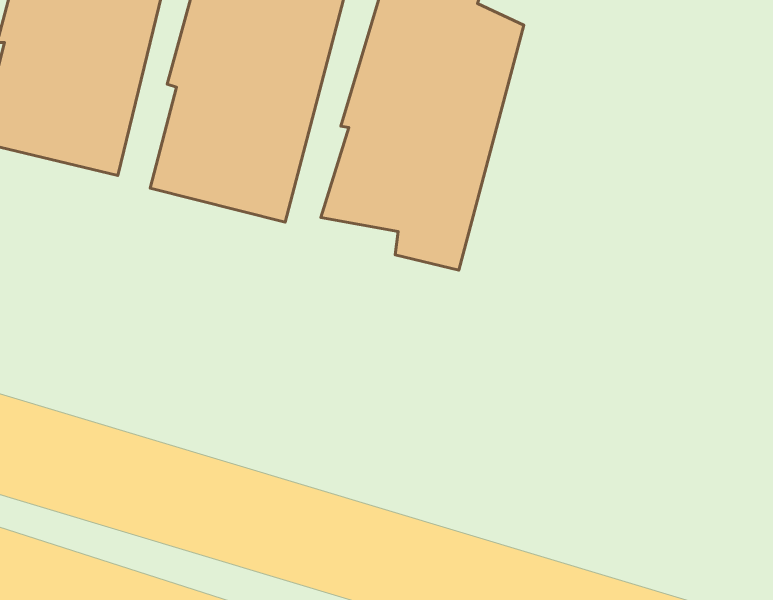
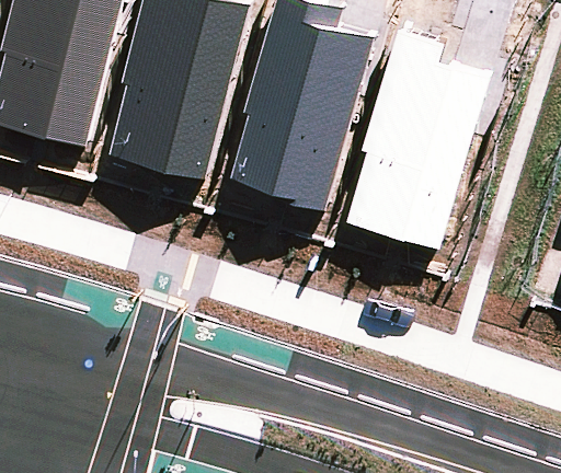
building: none -> [347,27,489,246]

